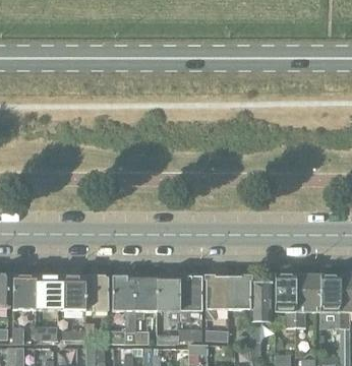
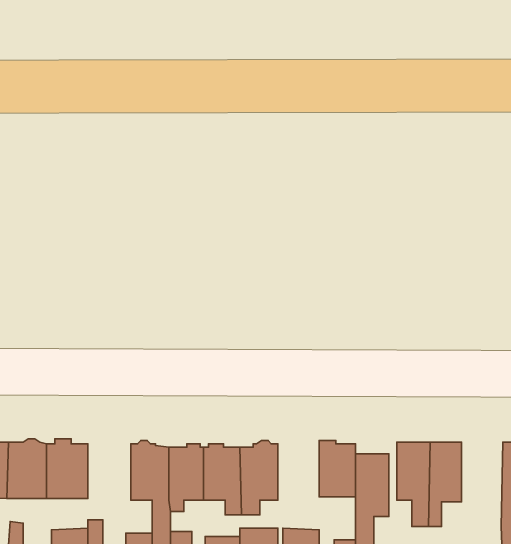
building: [85,273,108,310] -> none
building: [206,274,228,318] -> none
building: [319,276,341,327] -> none

